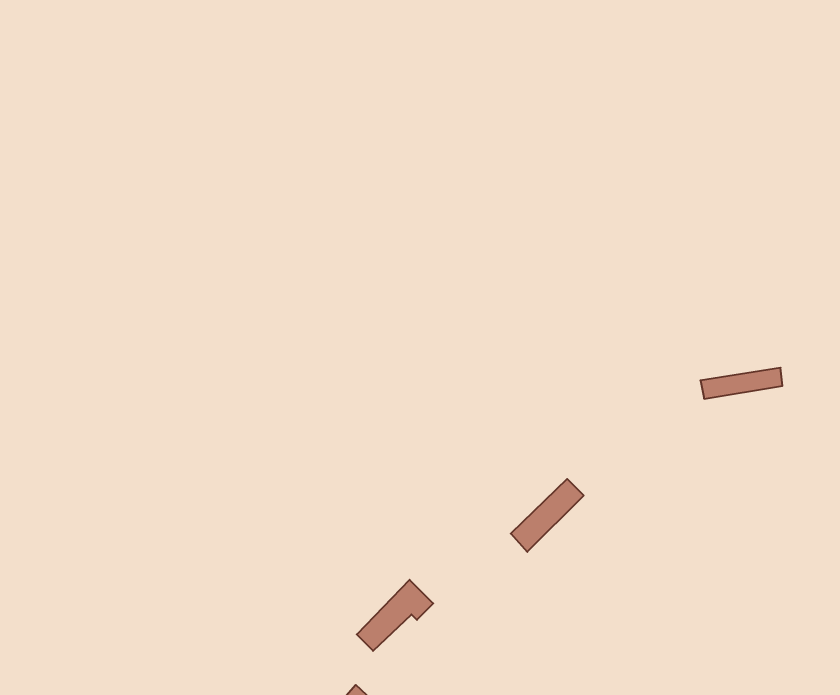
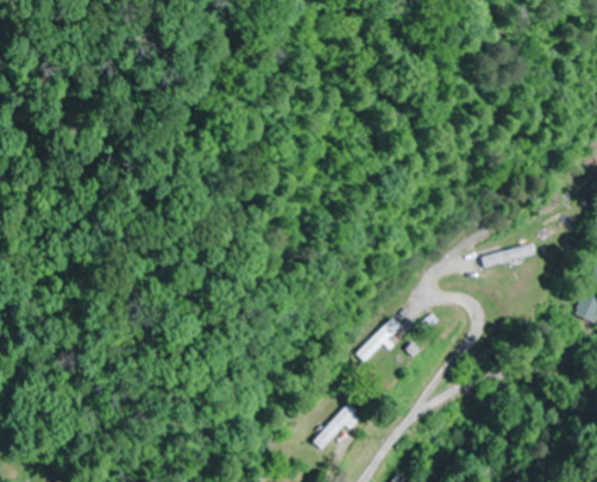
building: [357,580,433,651] -> [312,403,362,450]

